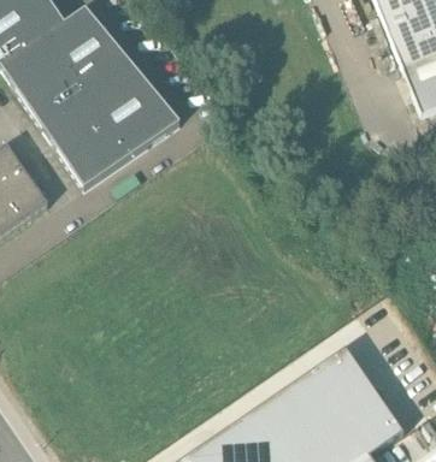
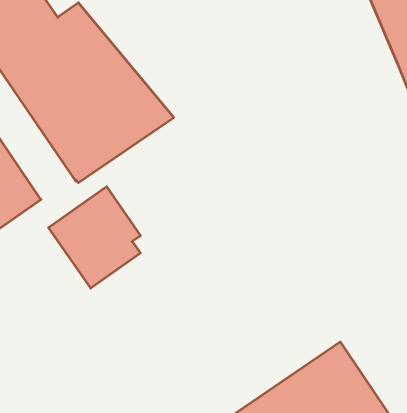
building: none -> [49,187,140,288]

